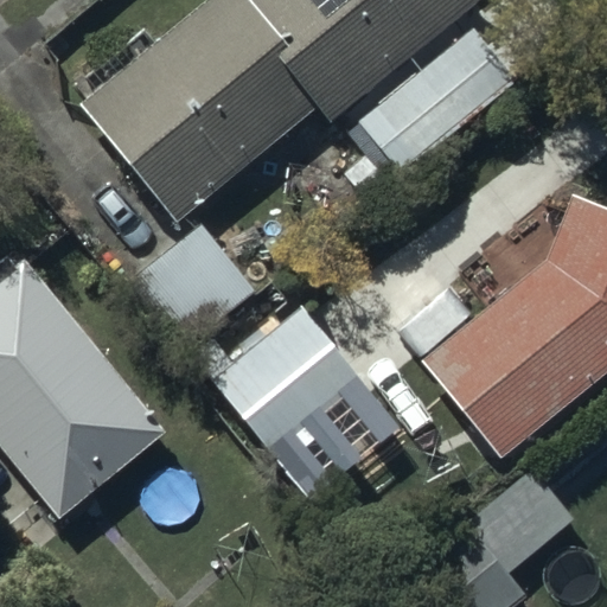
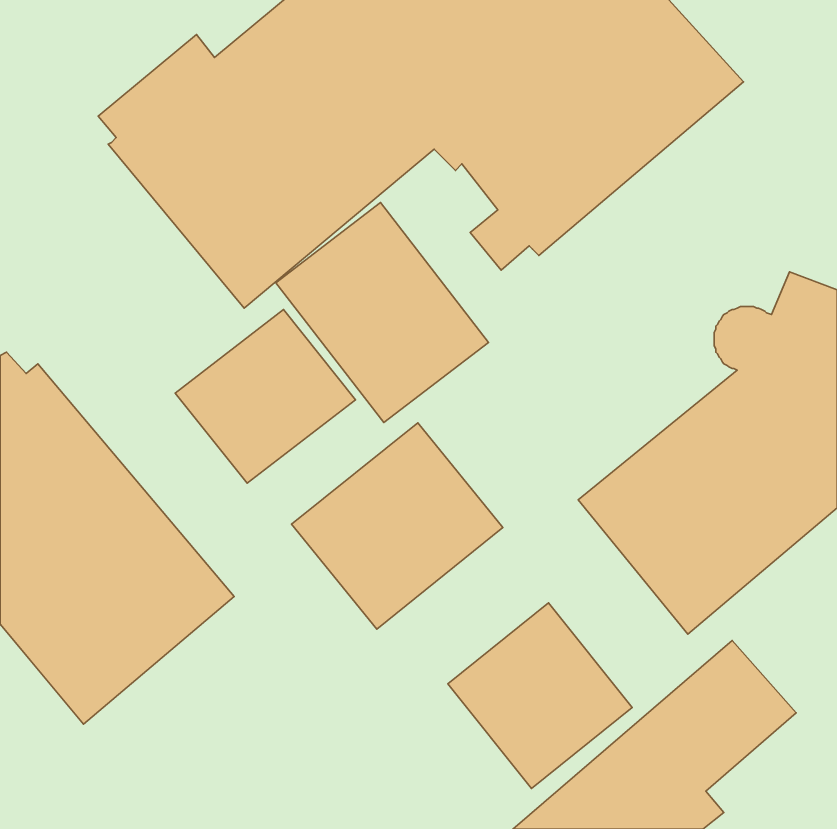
building: none -> [276,203,489,423]
building: none -> [448,603,632,789]

